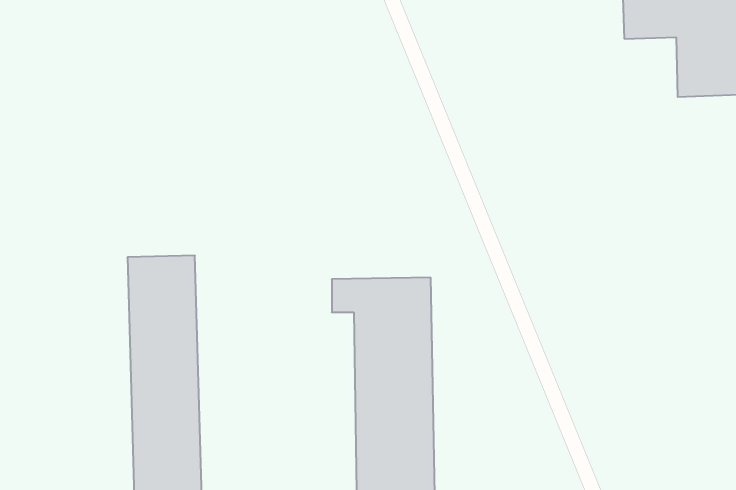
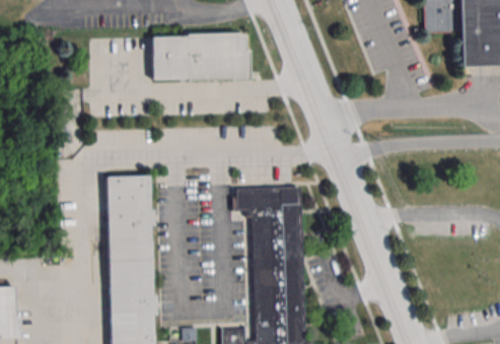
building: none -> [152,32,251,79]

